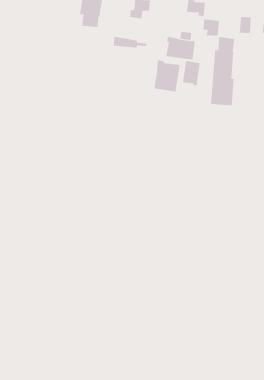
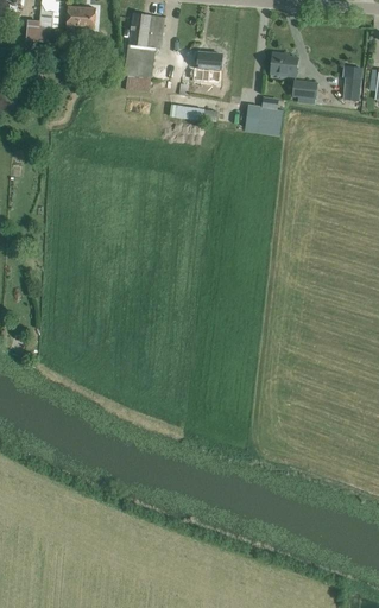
building: [210,36,235,106] -> none
building: [154,60,180,93] -> none
building: [182,60,200,86] -> none

